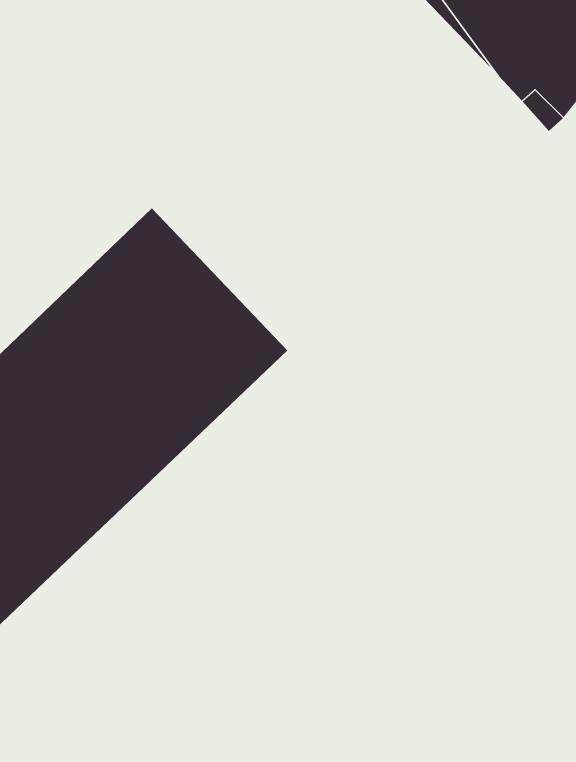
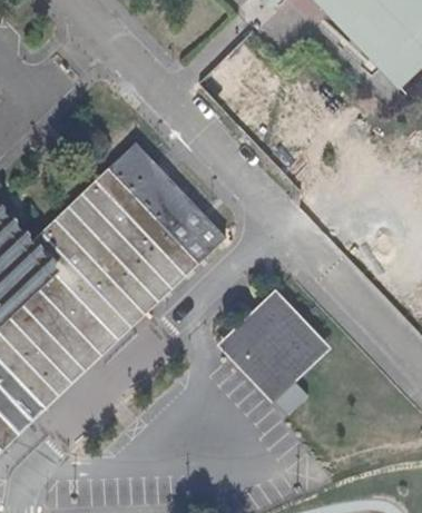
building: none -> [216,289,326,414]

